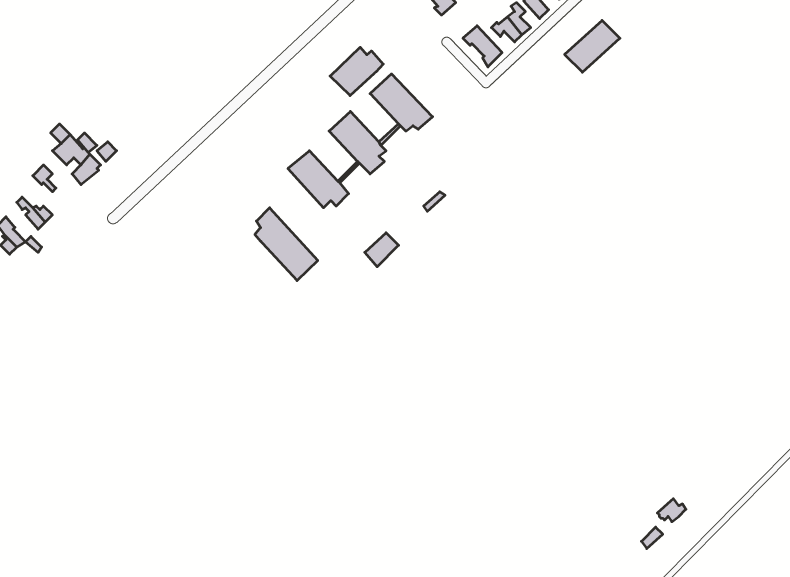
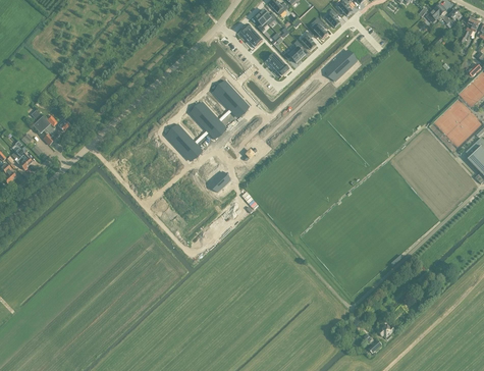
building: [330,47,383,96] -> none
building: [255,208,318,281] -> none

